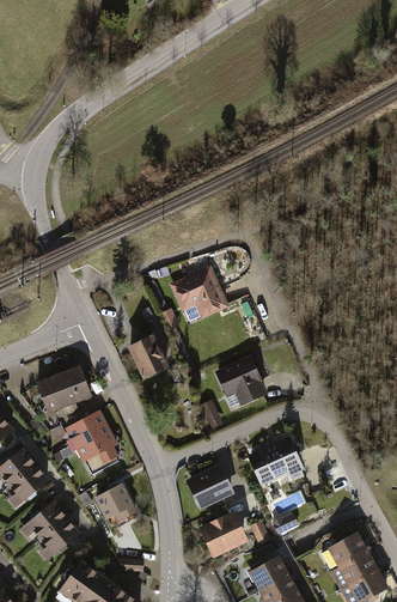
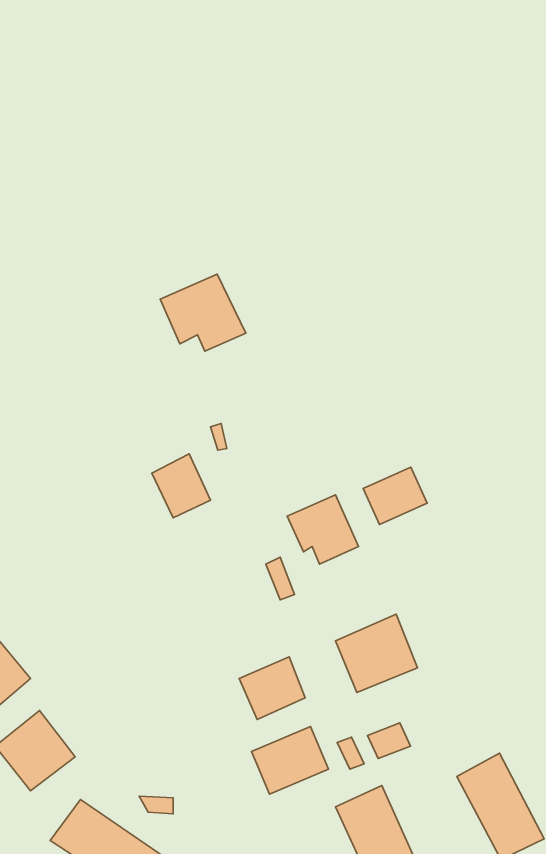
building: [166,267,224,318] -> [160,274,246,351]
building: none -> [363,467,427,524]
building: [38,369,91,413] -> none
building: [68,413,117,475] -> none
building: [97,486,134,522] -> none

